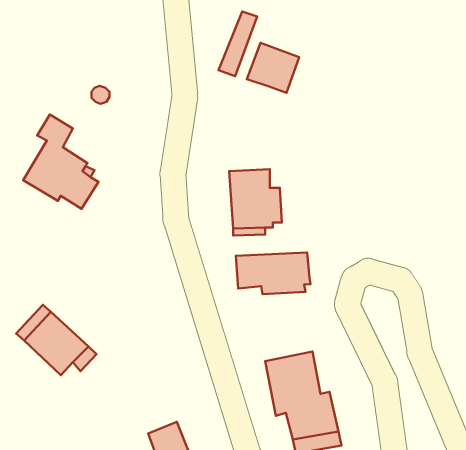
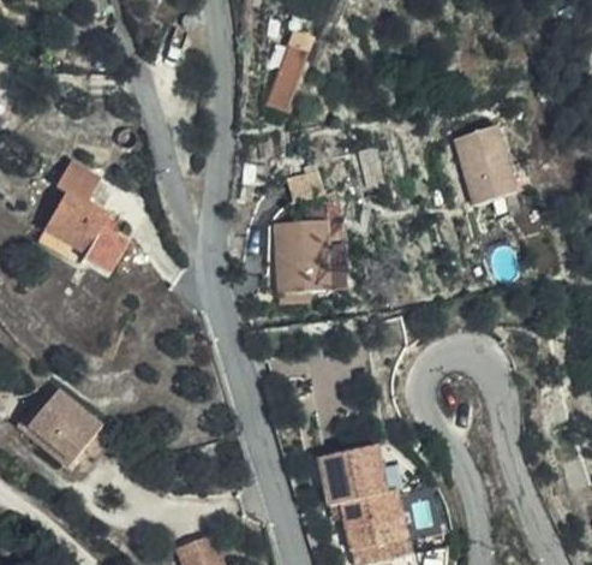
building: [247,43,299,93] -> none
building: none -> [446,132,506,208]
building: [236,252,310,294] -> none

